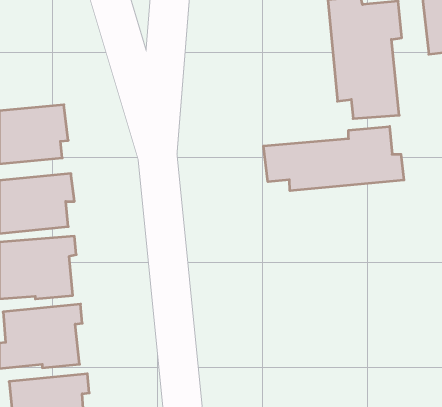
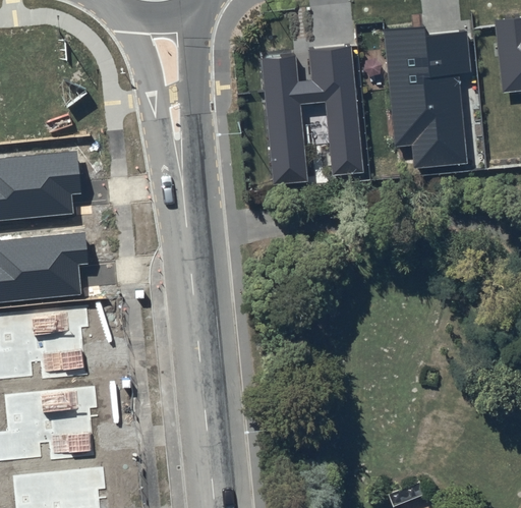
building: none -> [259,45,363,184]
building: [264,126,404,191] -> none

